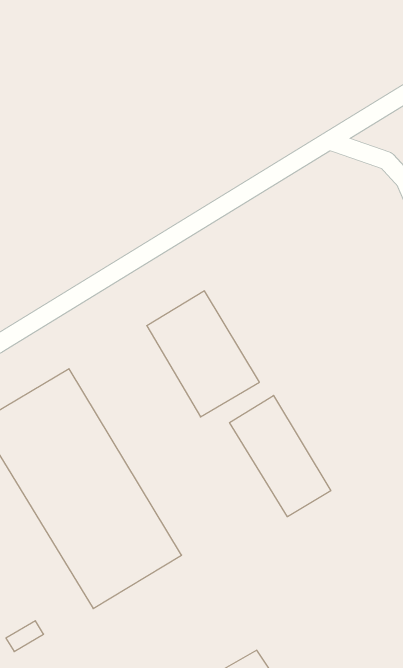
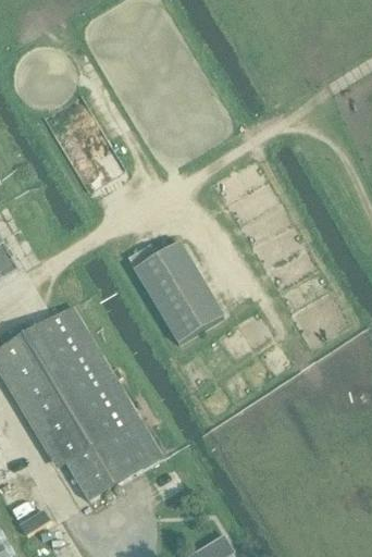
building: [230,395,331,517] -> none

